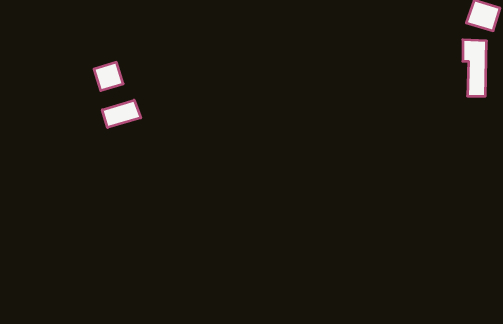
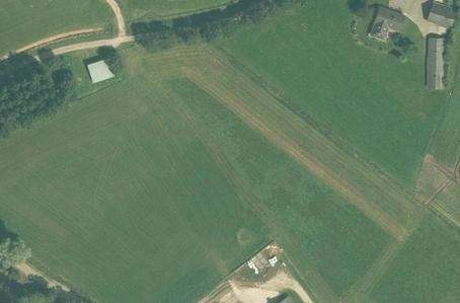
building: none -> [370,7,404,42]
building: [102,100,141,128] -> none

